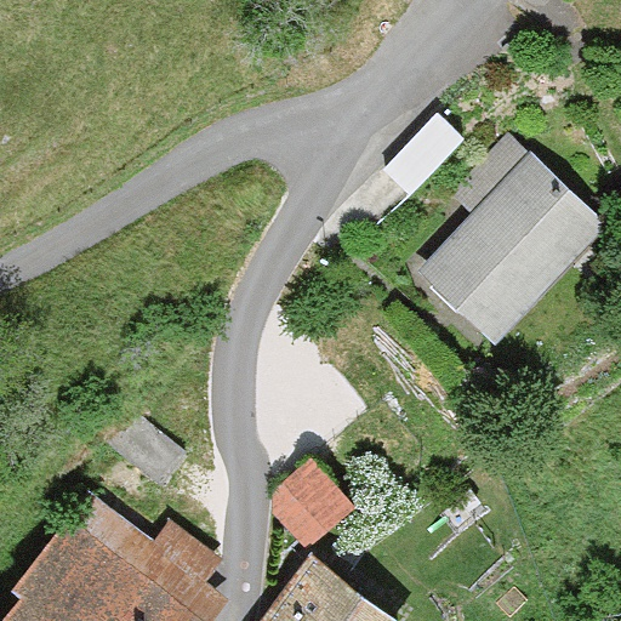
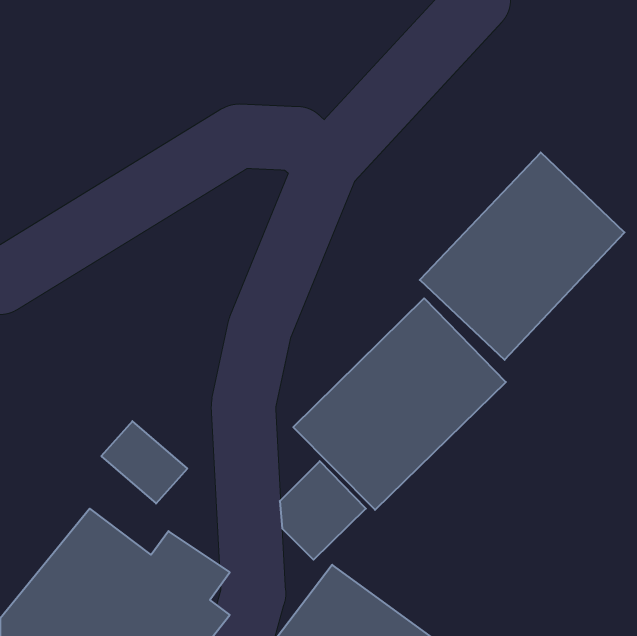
building: none -> [293,298,506,510]

